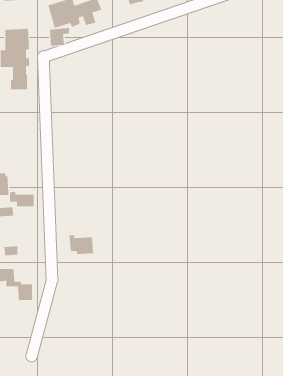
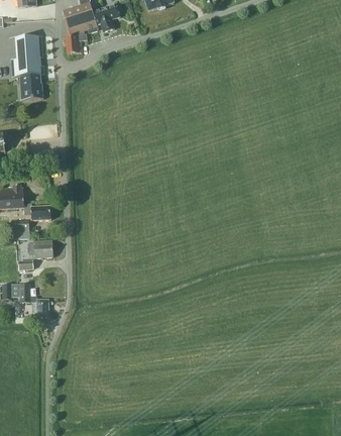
building: [68,235,94,254] -> [26,237,52,257]

